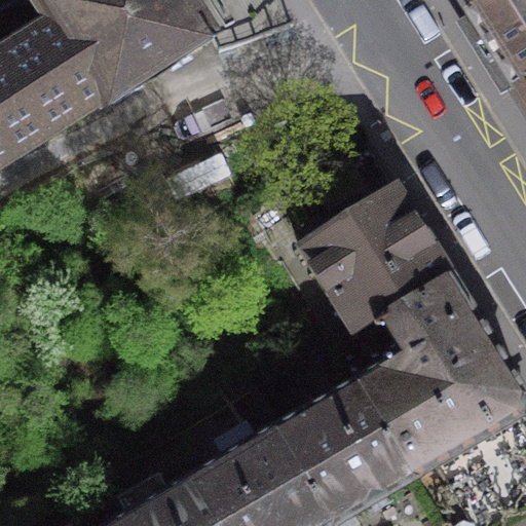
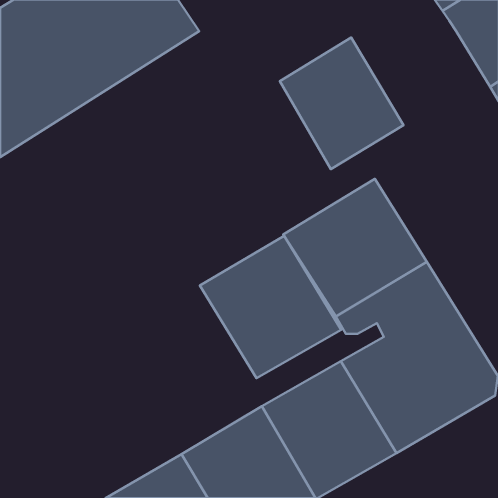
building: none -> [280,37,403,169]
building: none -> [200,236,341,378]

